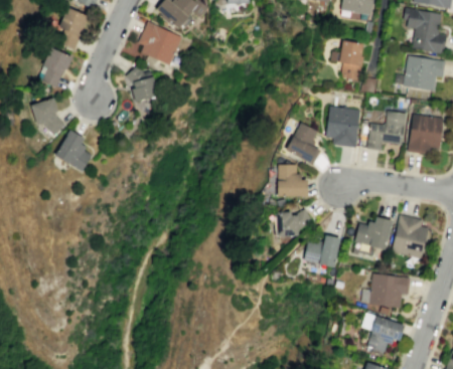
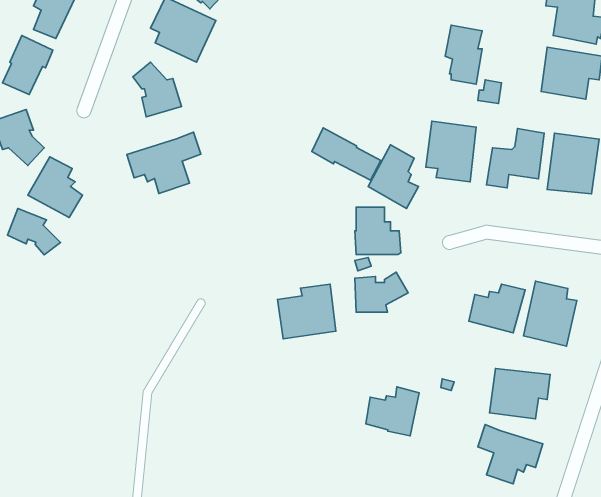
building: none -> [312,128,381,180]
building: none -> [127,132,201,193]
building: none -> [7,209,61,255]
building: none -> [278,284,336,339]
building: [304,234,340,267] -> [366,387,419,436]

